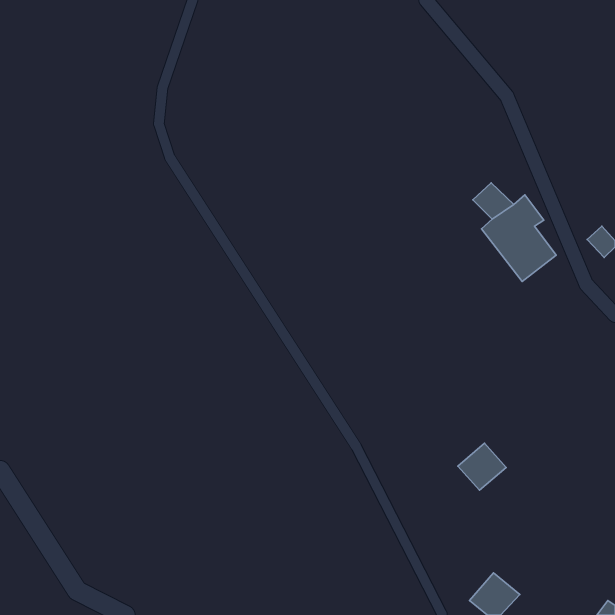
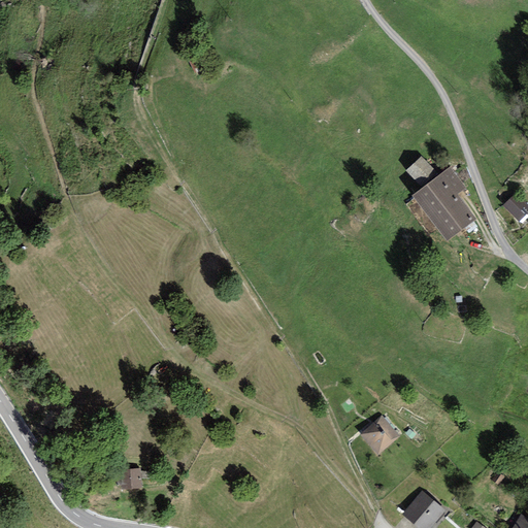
building: [458,443,506,490] -> [359,416,400,456]
building: none -> [120,468,142,490]

